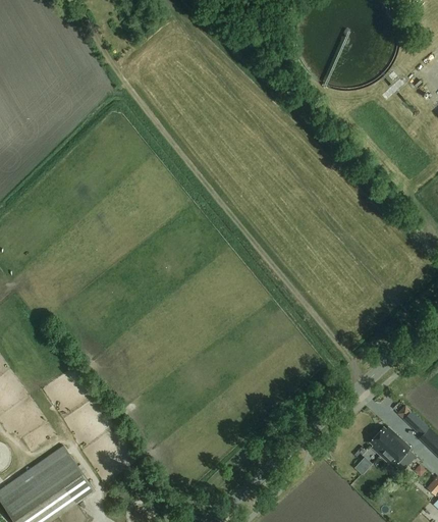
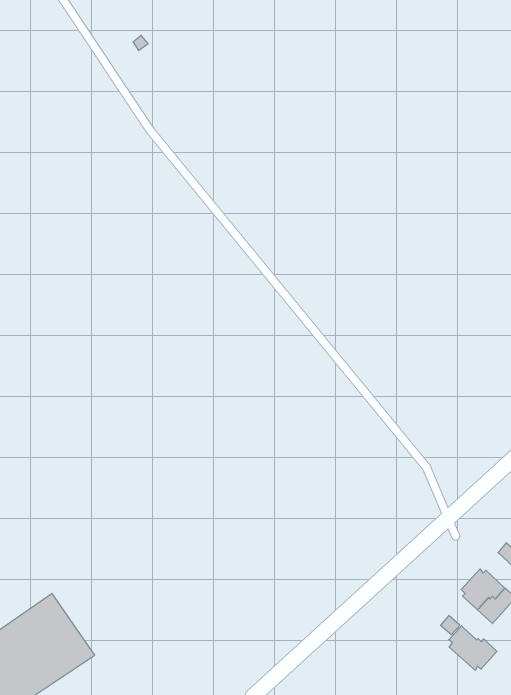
building: none -> [449,626,497,670]

